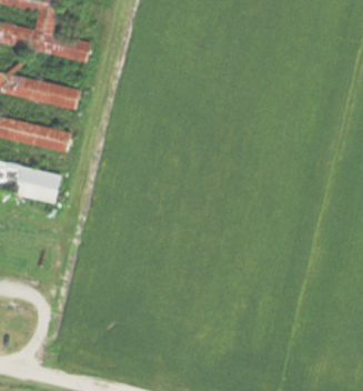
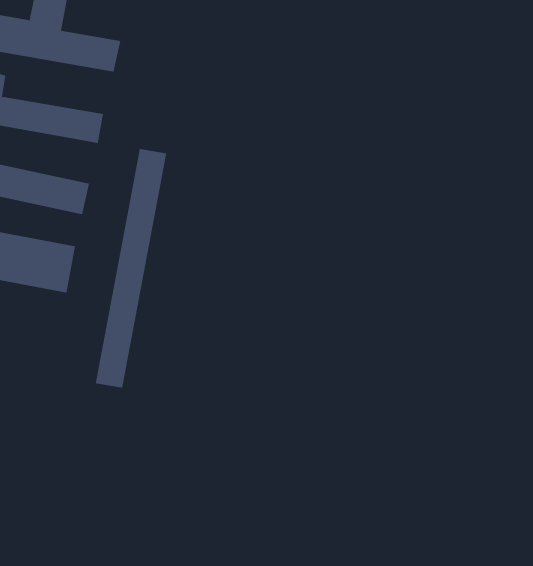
building: none -> [95,148,167,389]

